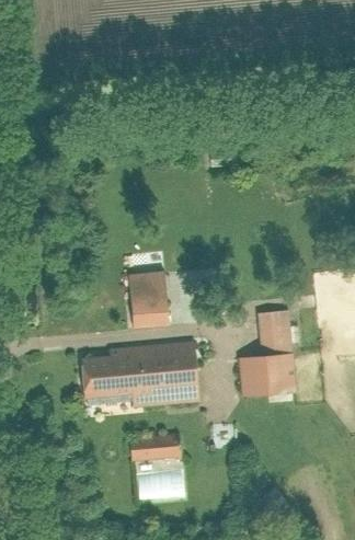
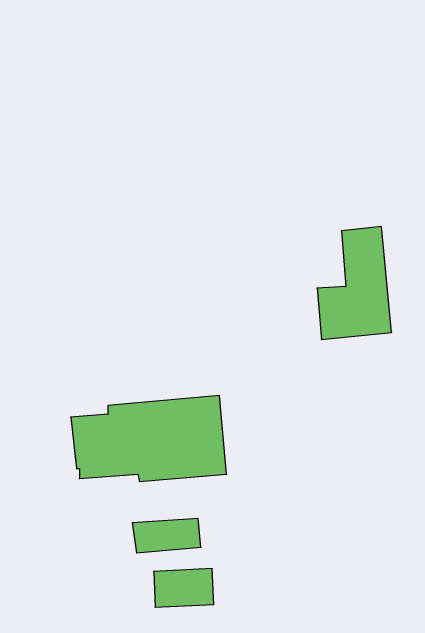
building: [128,271,169,328] -> none
building: [239,310,296,397] -> [317,227,392,340]

